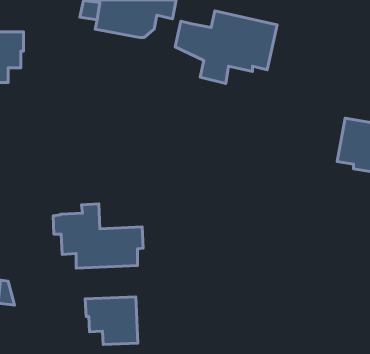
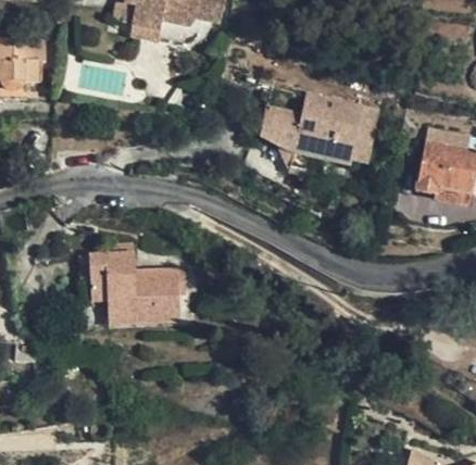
building: [175,11,277,84] -> [259,93,379,179]
building: [85,297,138,345] -> none

